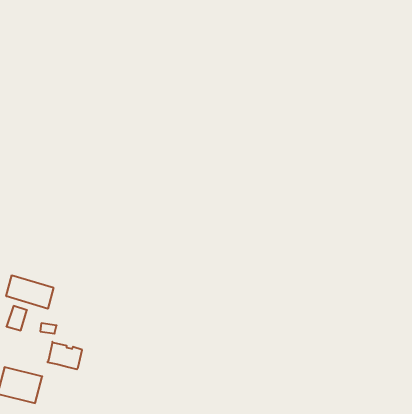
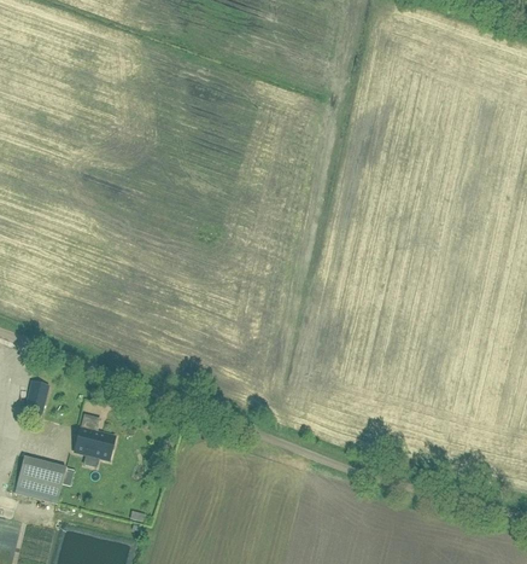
building: [6,275,53,309] -> none

